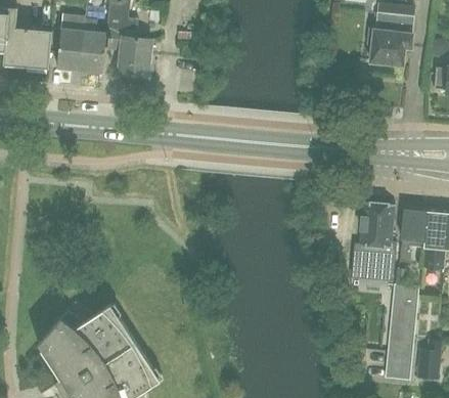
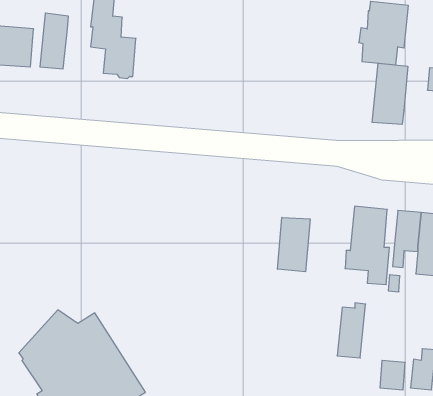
building: [80,19,106,74] -> none
building: none -> [372,63,408,124]
building: none -> [278,217,310,272]
building: [389,302,416,355] -> [337,303,366,358]

